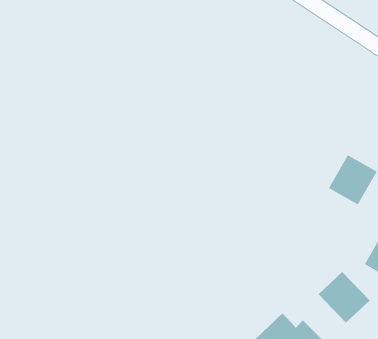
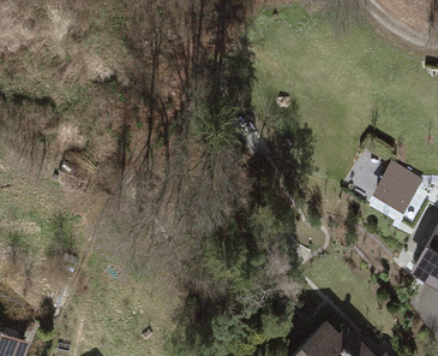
building: [318,271,370,324] -> none

